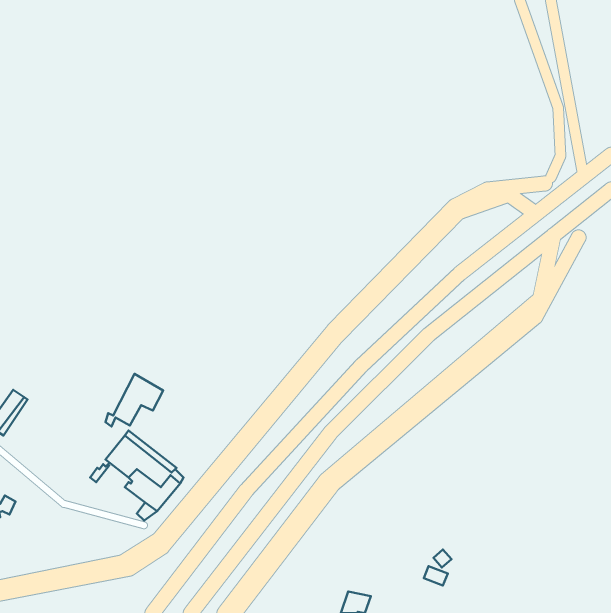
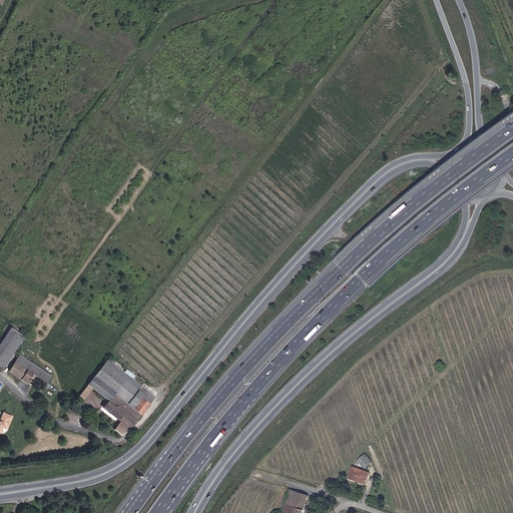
building: [105,374,163,427] -> none
building: none -> [9,356,51,384]

